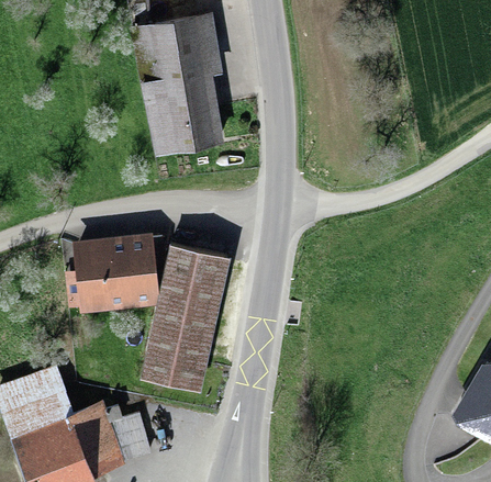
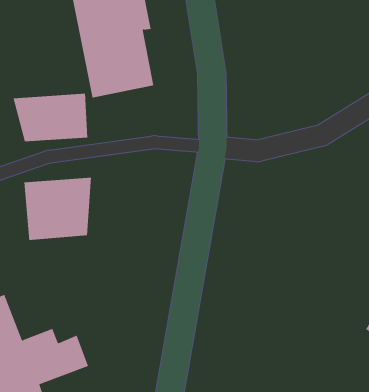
building: none -> [13,93,88,142]
building: [140,246,227,384] -> none

